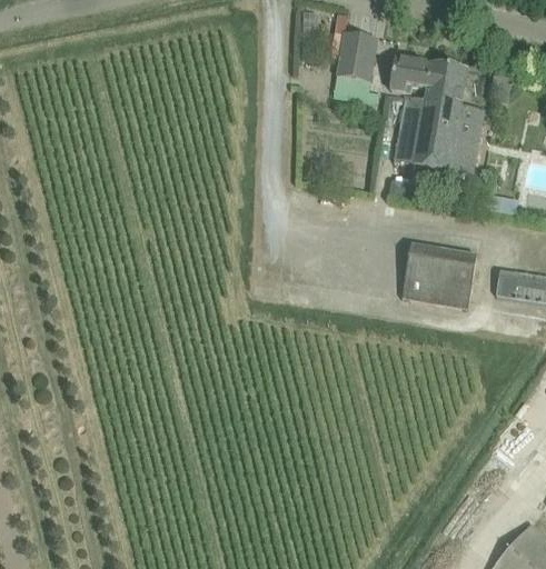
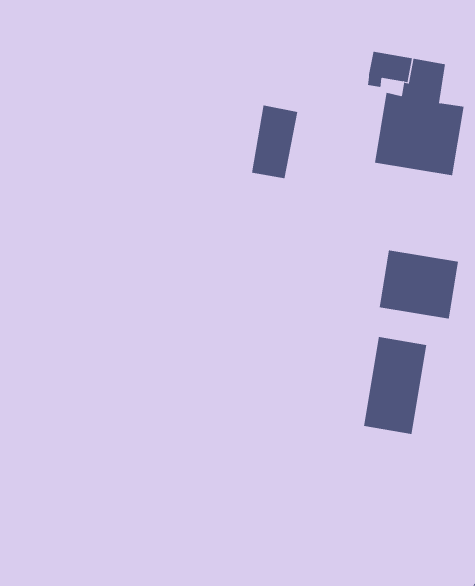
building: [332,30,377,100] -> [251,105,298,179]
building: none -> [363,336,427,435]

